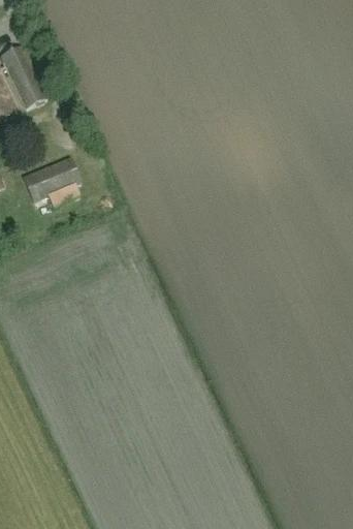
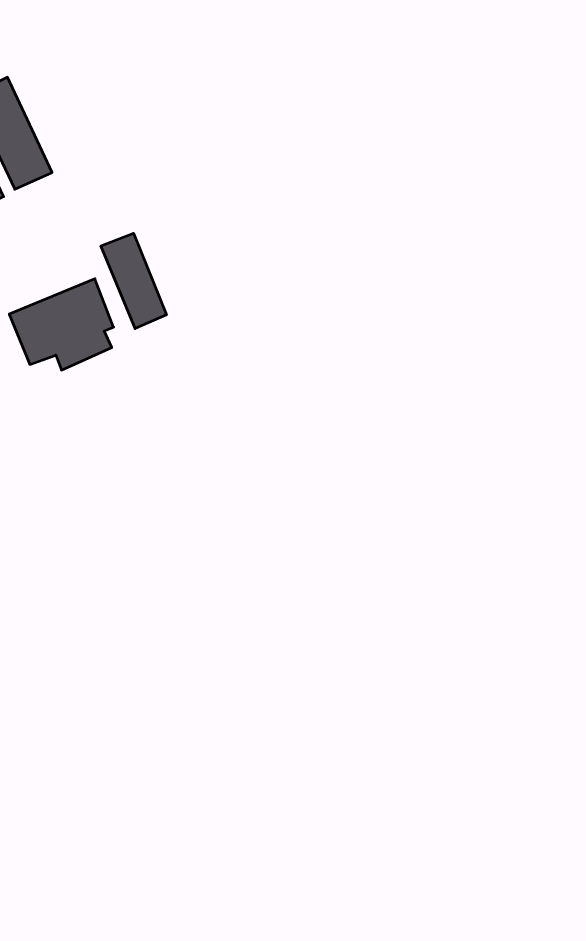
building: none -> [101,233,166,329]

